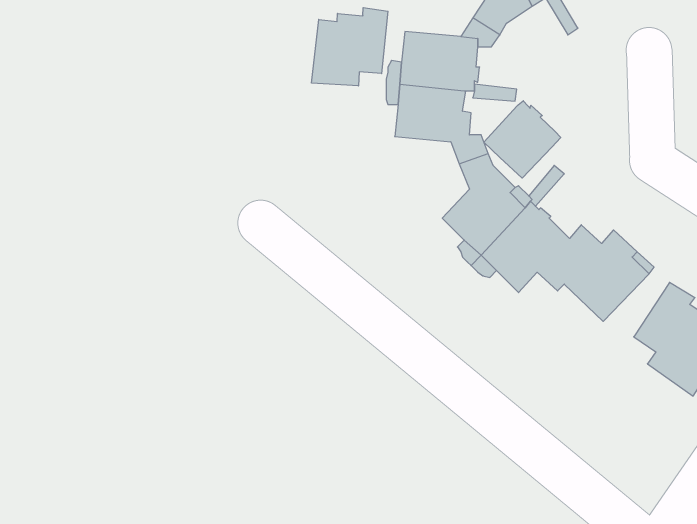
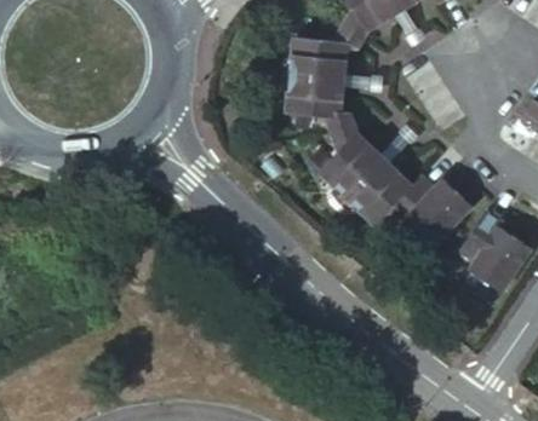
building: [312,8,388,86] -> none
building: [484,101,561,178] -> none

